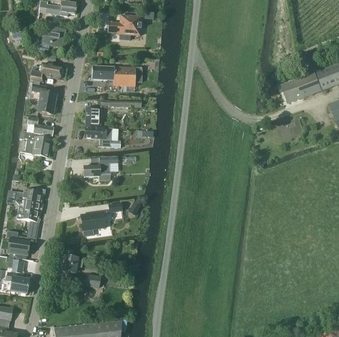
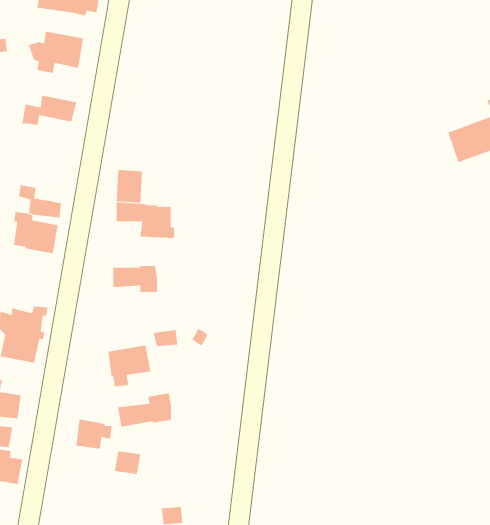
building: [108,15,140,40] -> none
building: [91,66,135,86] -> none
building: [31,80,56,114] -> none
building: none -> [118,393,172,427]

